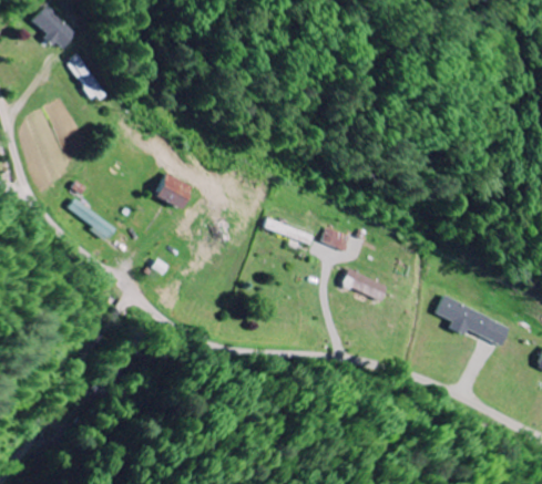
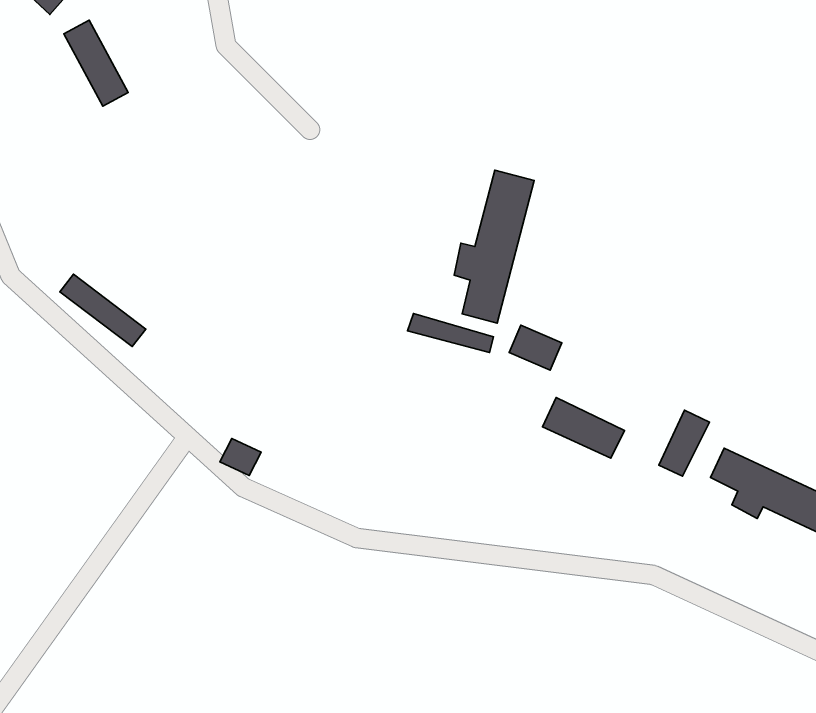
building: none -> [454,170,534,323]
building: [152,172,191,208] -> none
building: none -> [659,410,709,476]

